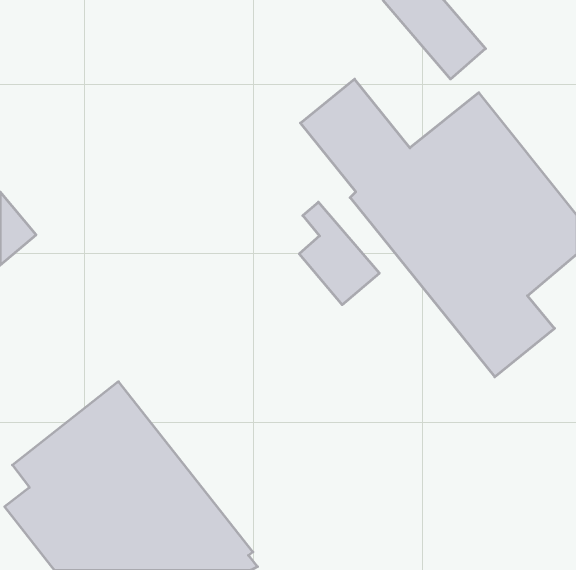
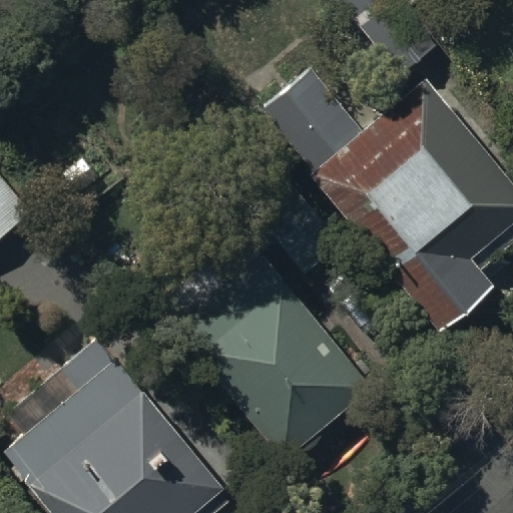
building: none -> [175,259,371,456]

